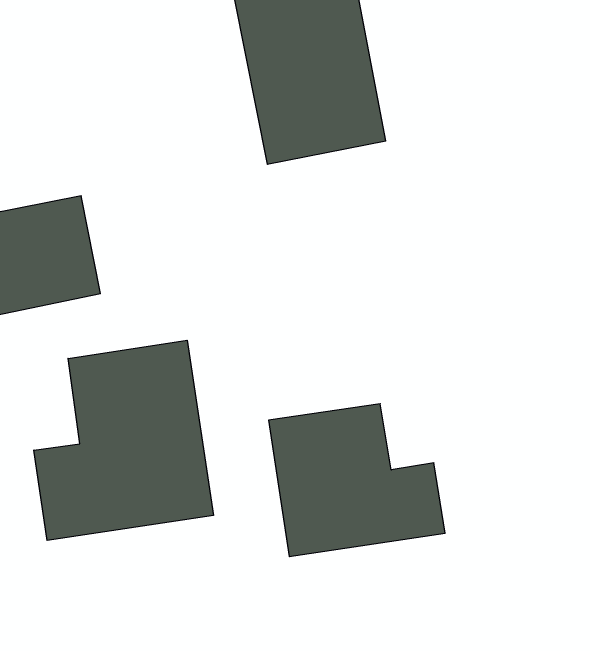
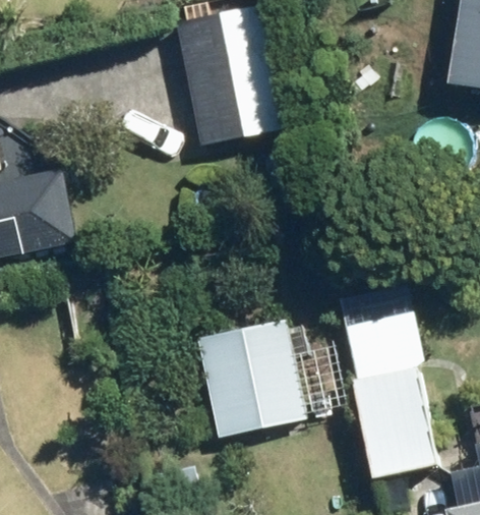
building: [34,340,213,540] -> none
building: none -> [340,284,433,475]

